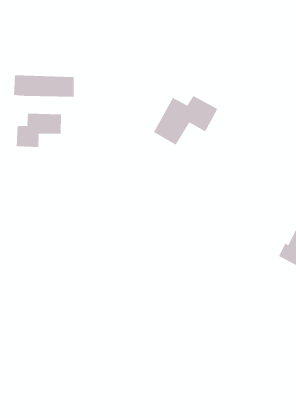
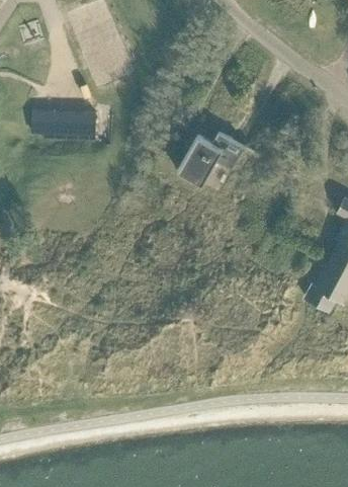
building: [16,113,61,148] -> none

